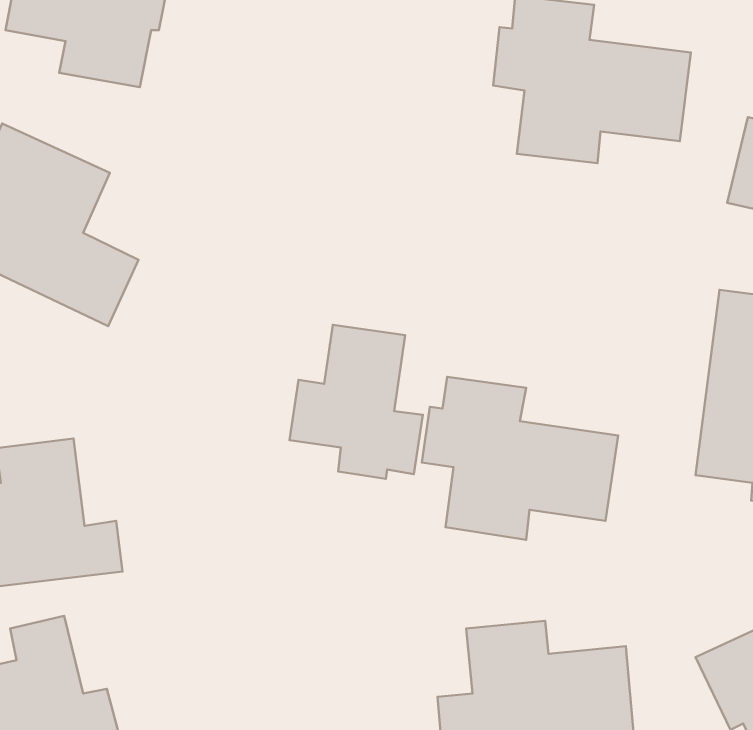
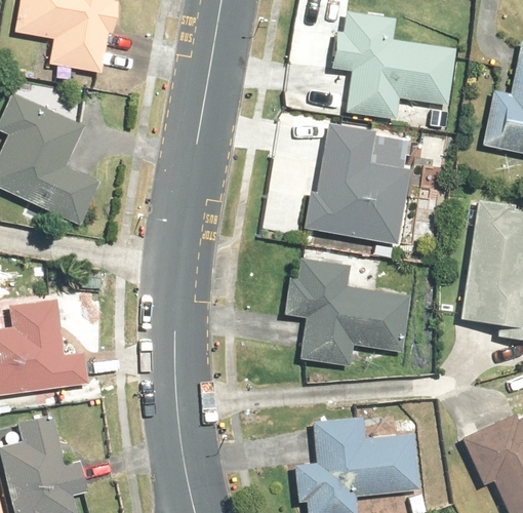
building: none -> [301,122,411,244]
building: [289,325,423,479] -> none

